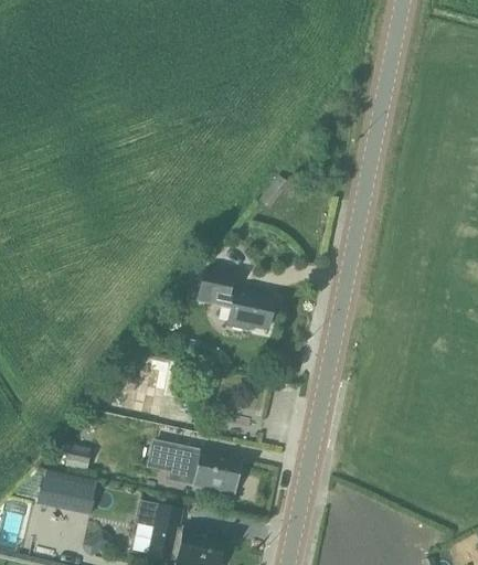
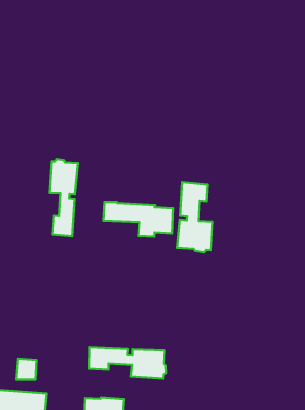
building: none -> [50,159,78,236]
building: none -> [177,182,212,252]

